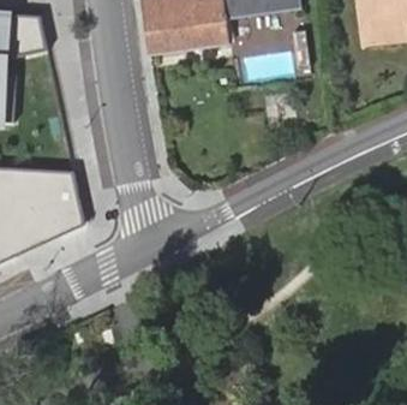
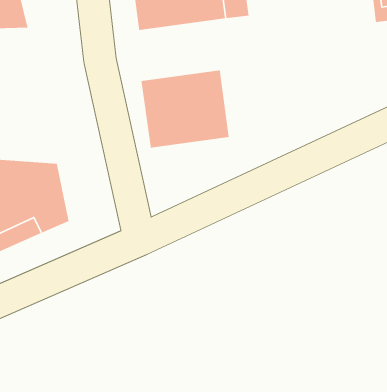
building: none -> [140,70,230,148]

